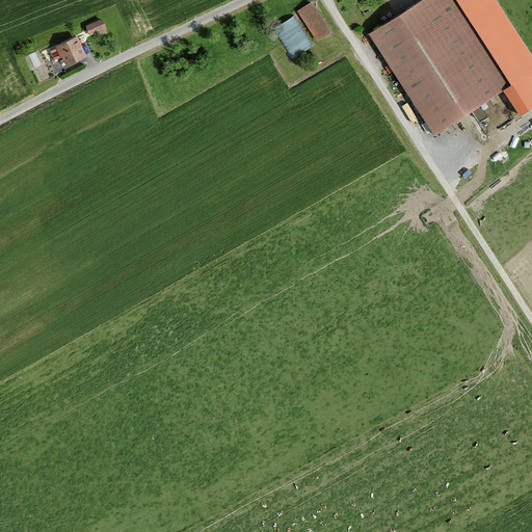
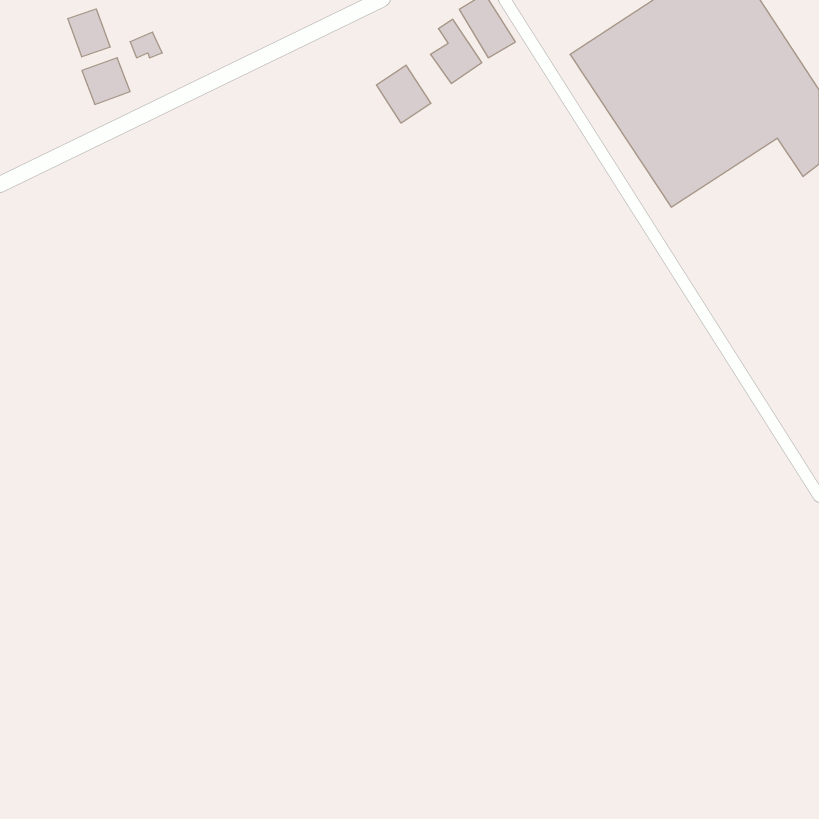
building: none -> [68,9,110,57]
building: none -> [376,65,431,123]

